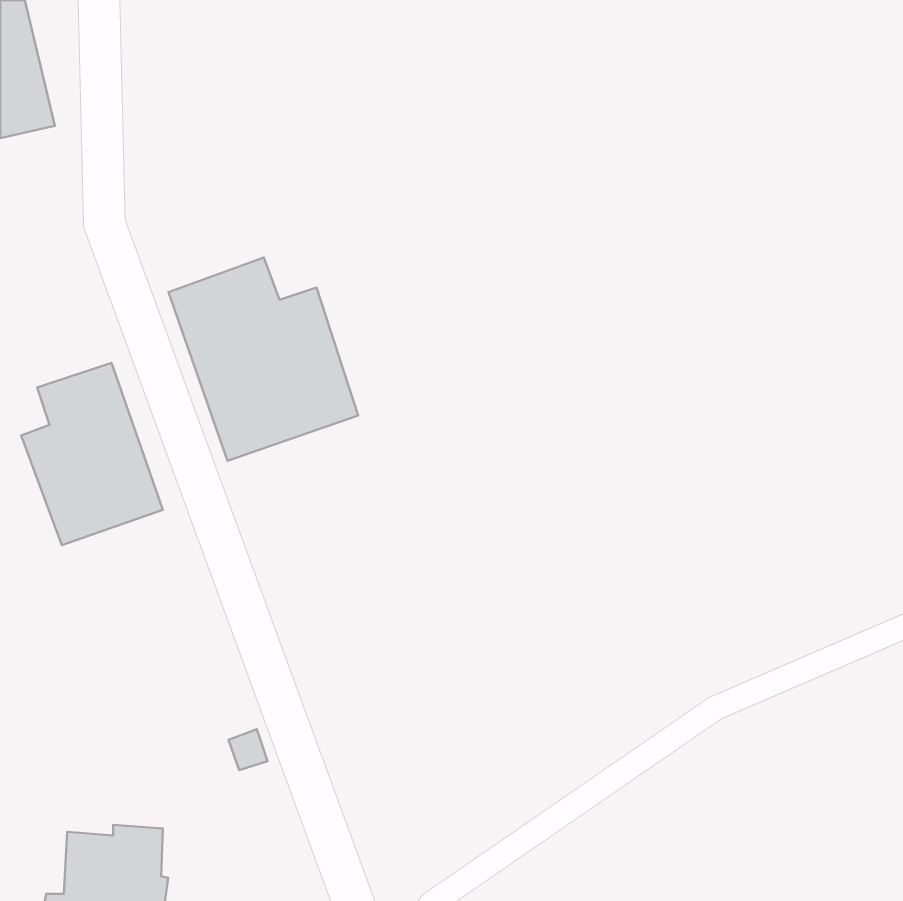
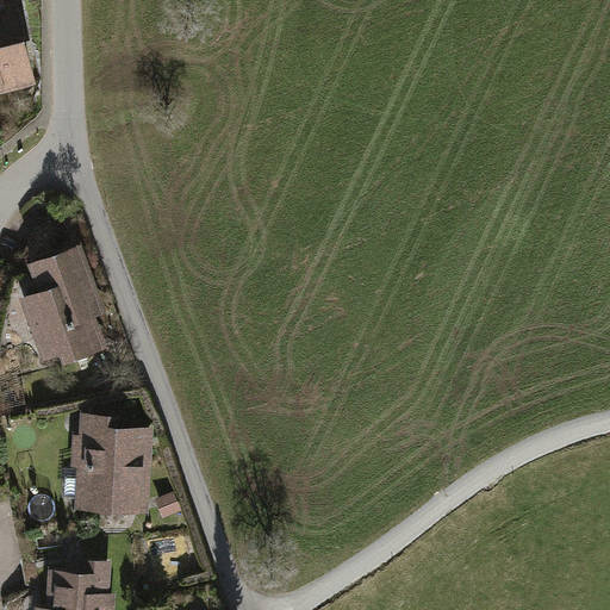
building: [169,258,358,461] -> none
building: none -> [69,411,151,516]

